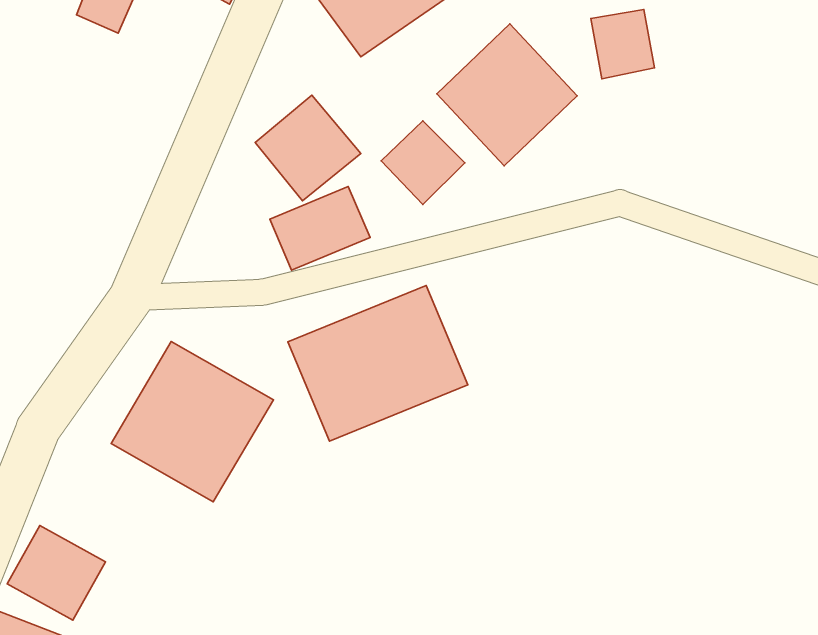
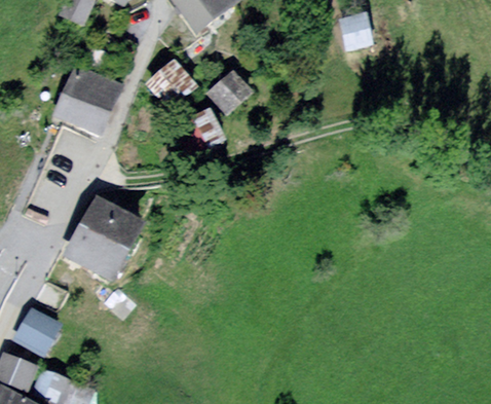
building: [437,24,577,166] -> none
building: none -> [49,62,115,130]
building: [288,285,468,441] -> none

